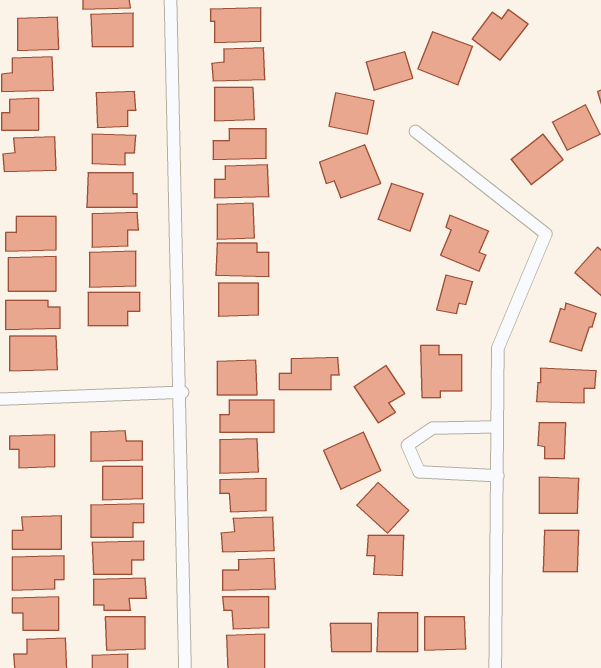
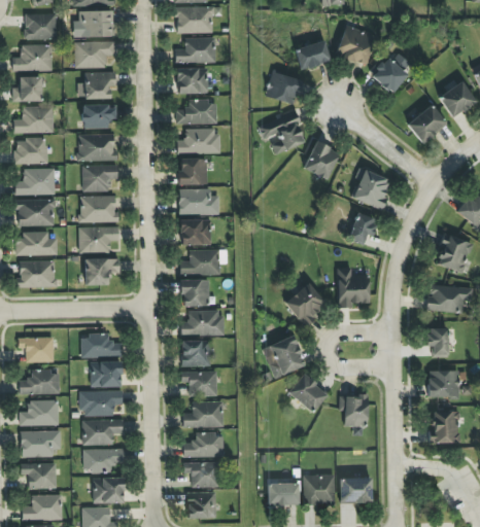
building: [472,10,528,60] -> [370,54,413,93]
building: none -> [75,41,115,68]
building: none -> [15,138,47,164]
building: none -> [84,257,119,285]
building: [279,358,339,390] -> [180,249,227,274]
building: none -> [20,368,60,394]
building: [367,536,404,576] -> [339,395,368,426]

